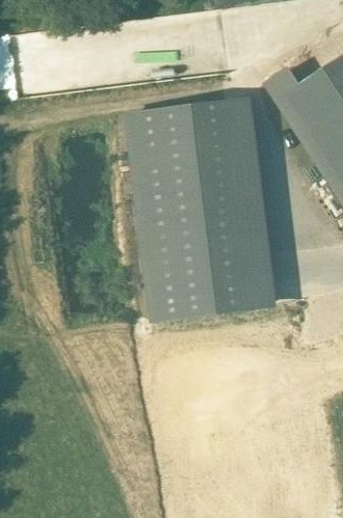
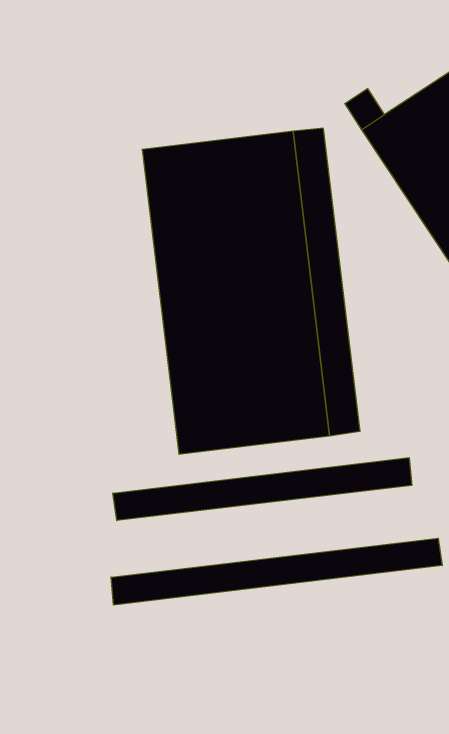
building: none -> [113,458,412,521]
building: none -> [111,538,442,605]

